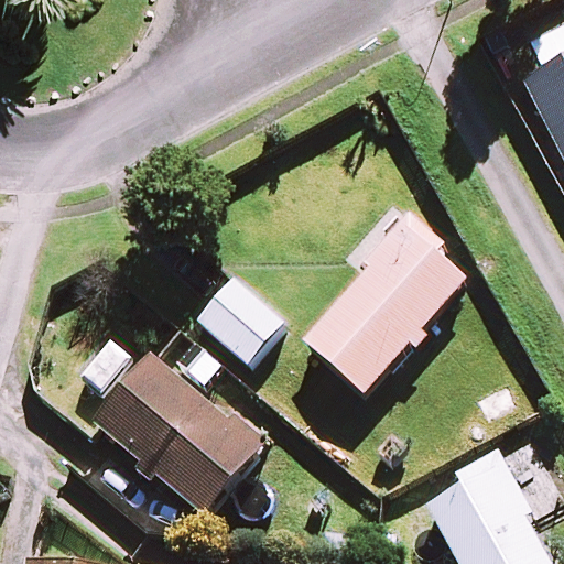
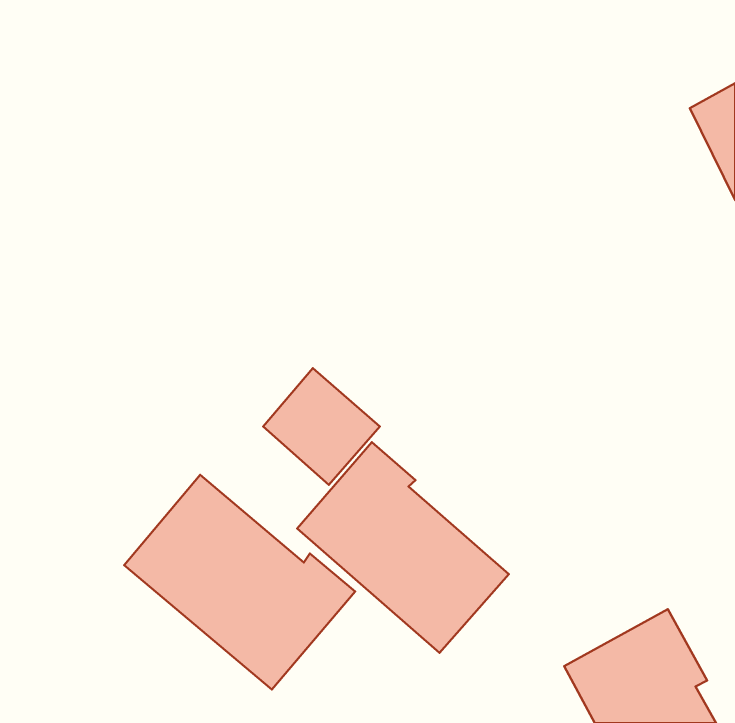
building: [304,216,467,398] -> none
building: none -> [297,442,509,653]

